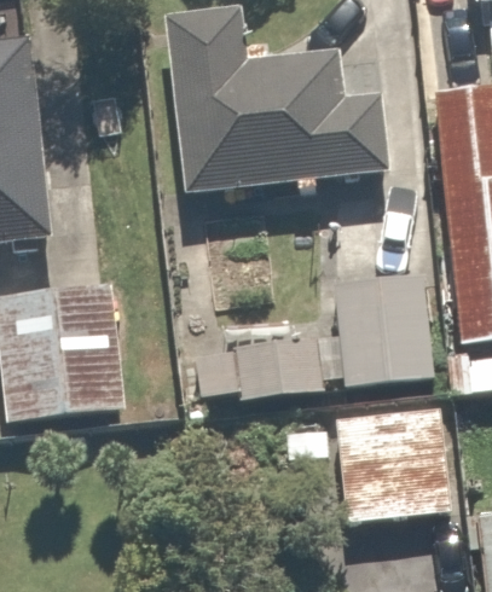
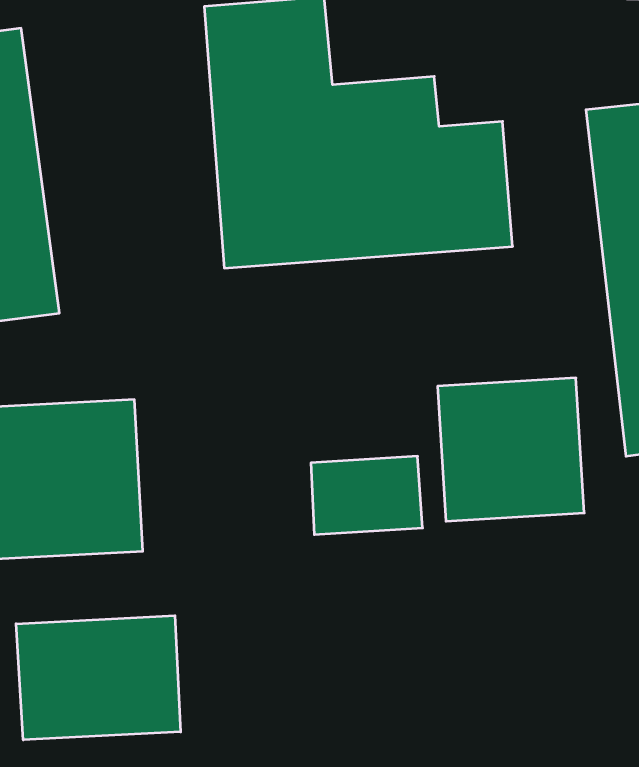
building: [347,425,456,544] -> none
building: none -> [16,616,181,740]

